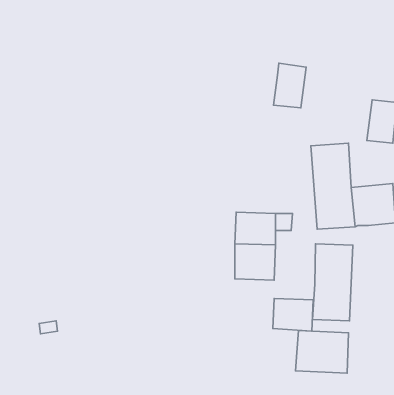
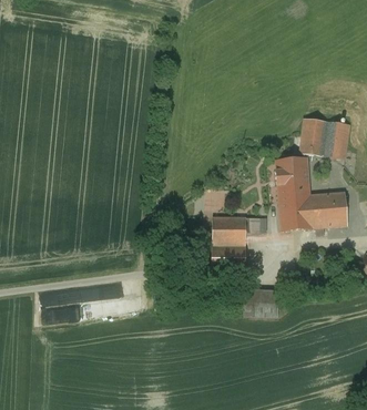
building: [274,63,306,108] -> [299,117,327,155]
building: [312,244,353,321] -> none
building: [296,331,348,373] -> none

